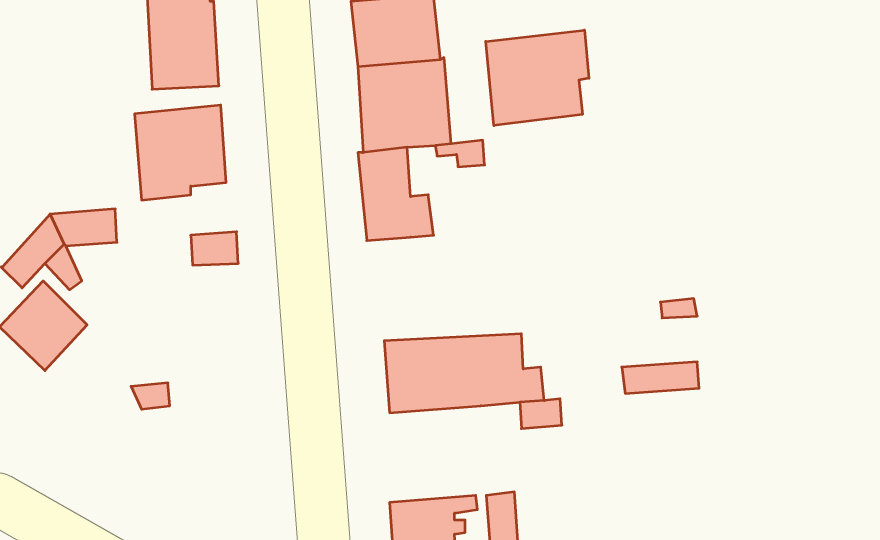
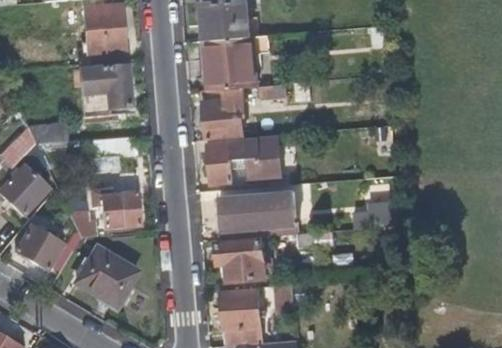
building: [486,30,589,126] -> none
building: none -> [209,138,281,184]
building: none -> [102,192,141,228]
building: none -> [16,224,64,268]
building: none -> [218,241,266,282]
building: none -> [78,247,139,306]

